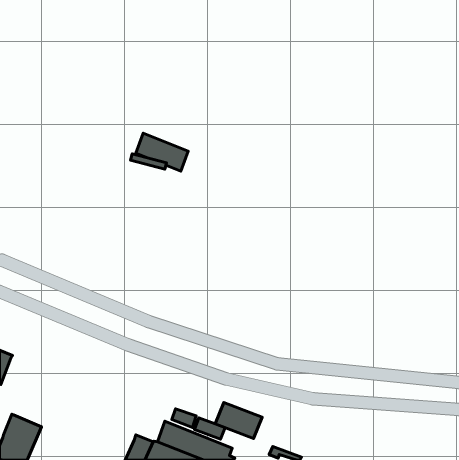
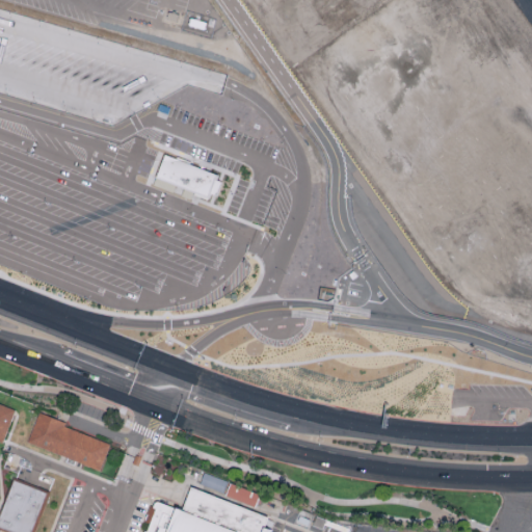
building: none -> [27,414,109,472]
building: [215,403,262,438] -> none

